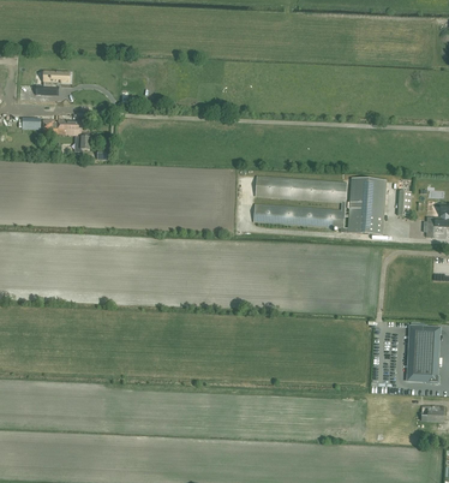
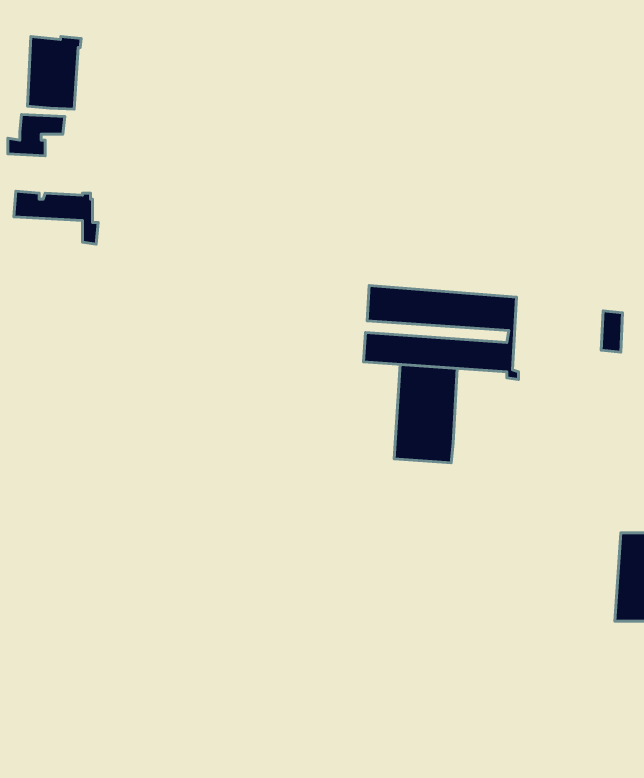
building: none -> [28,36,81,109]
building: [347,175,385,235] -> [394,365,457,463]

